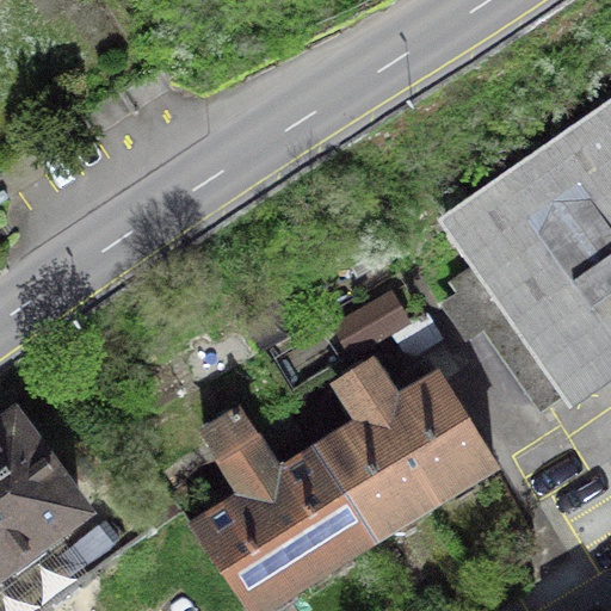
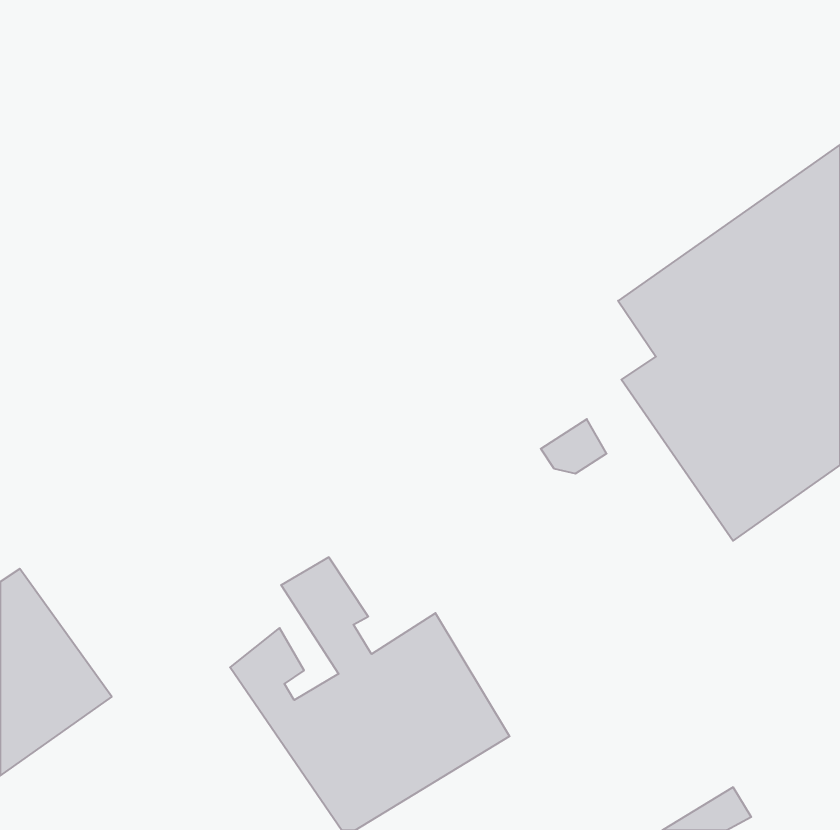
building: [316,357,494,535] -> none

